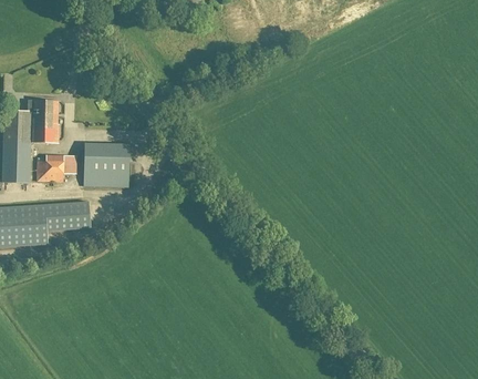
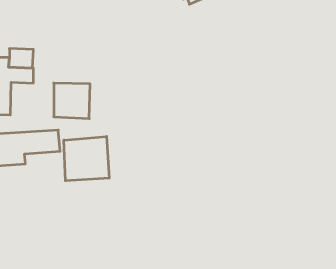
building: [35,155,76,182] -> none
building: none -> [64,136,109,181]

